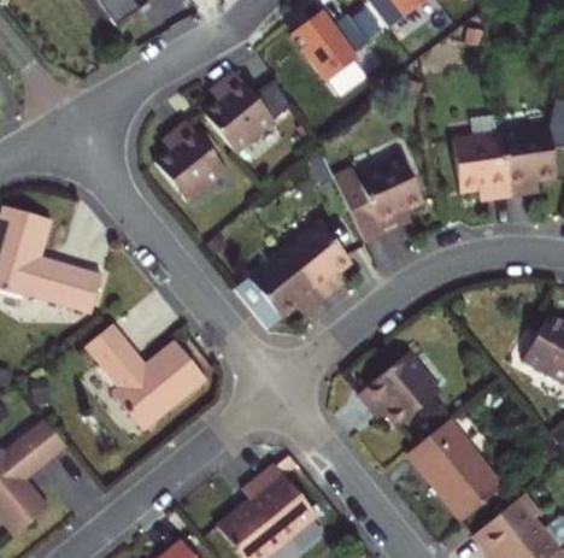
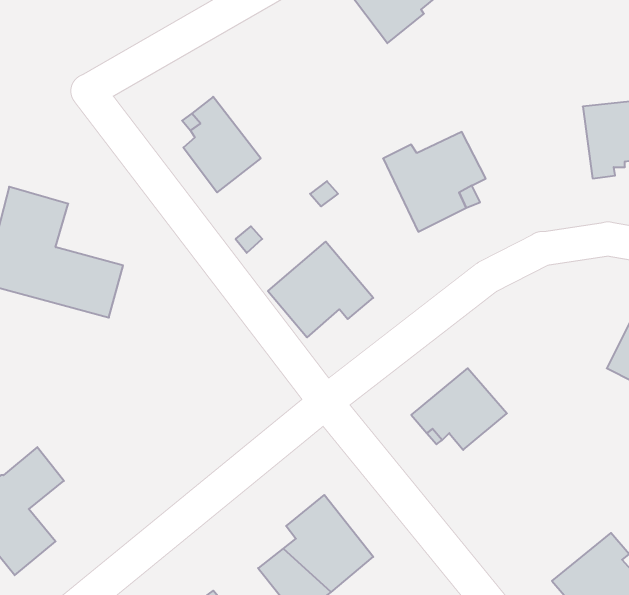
building: [200,74,290,155] -> none
building: [453,131,510,194] -> none
building: [281,219,348,295] -> none
building: [83,324,211,427] -> none
building: [407,423,504,522] -> none

